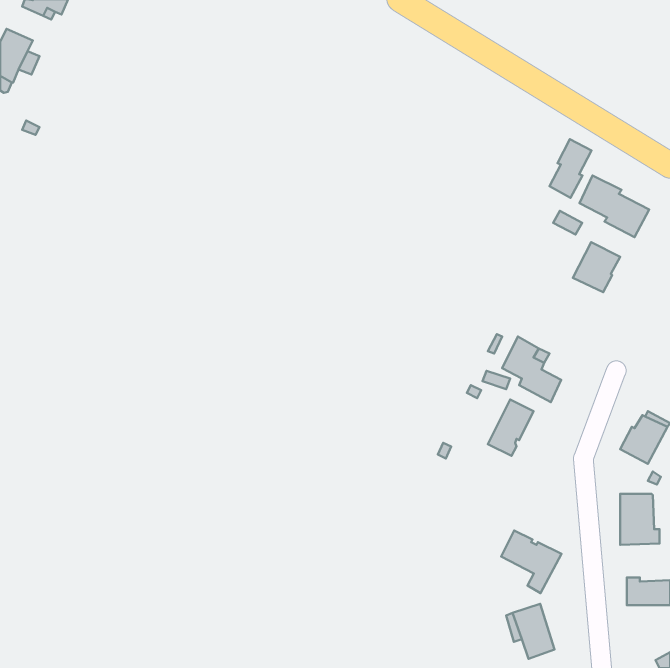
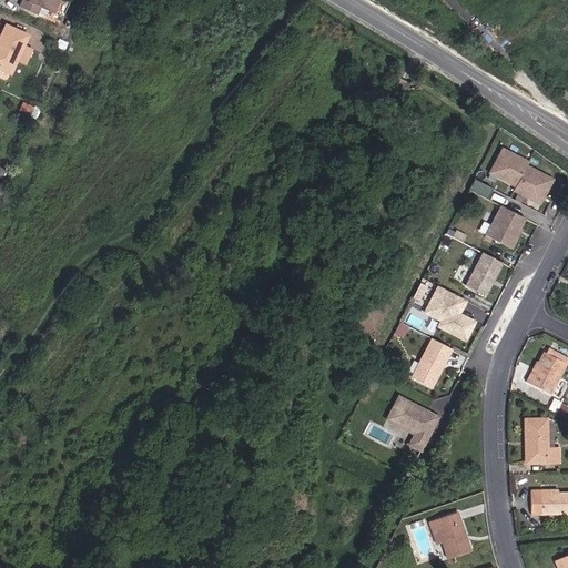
building: [550,139,592,198] -> none
building: none -> [465,253,503,297]
building: [501,530,561,593] -> [388,397,439,450]

